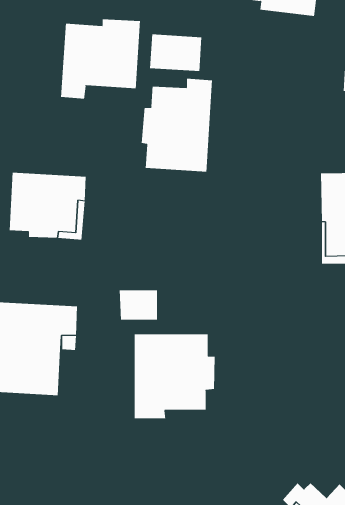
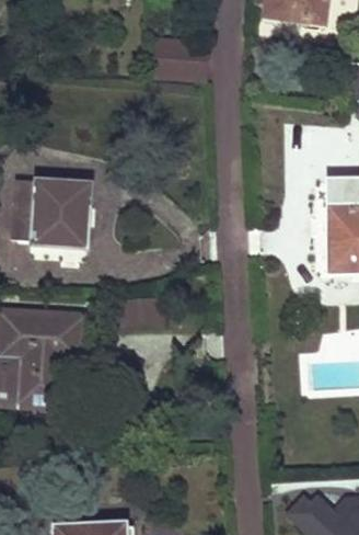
building: [60,18,141,100] -> none
building: [141,78,213,172] -> none
building: [134,334,215,419] -> none

